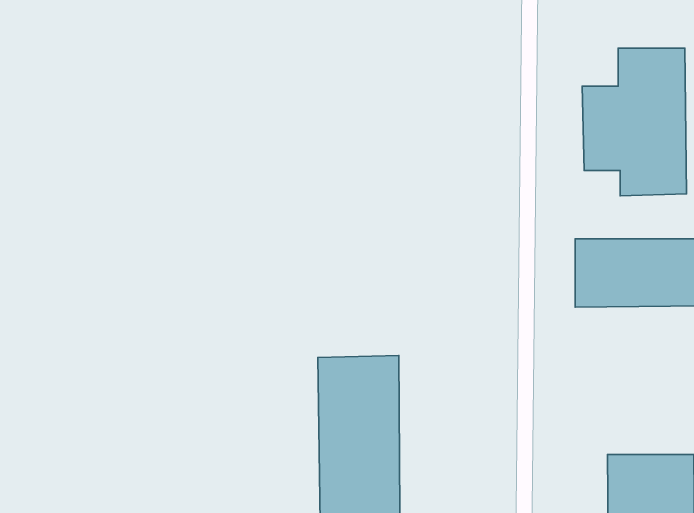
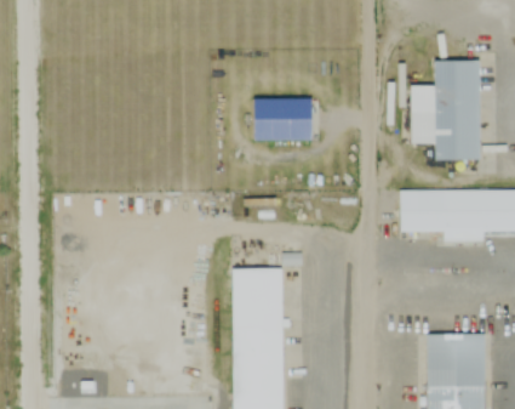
building: none -> [253,98,310,141]

